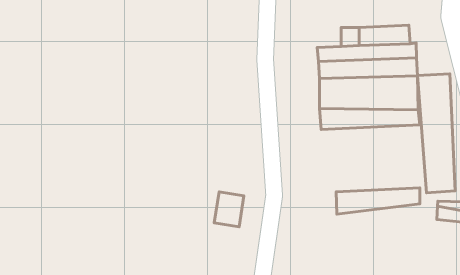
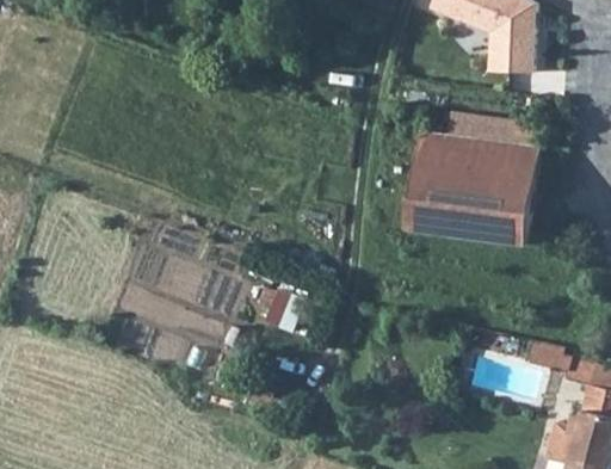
building: [418,74,455,193] -> none
building: [336,188,420,214] -> none

